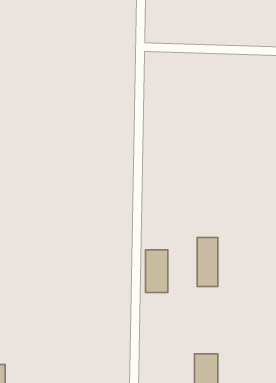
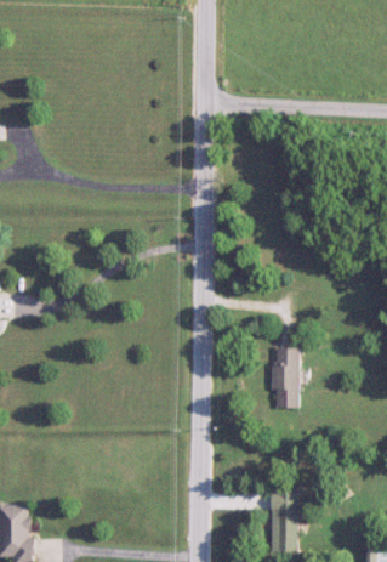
building: [145,250,168,293] -> none

